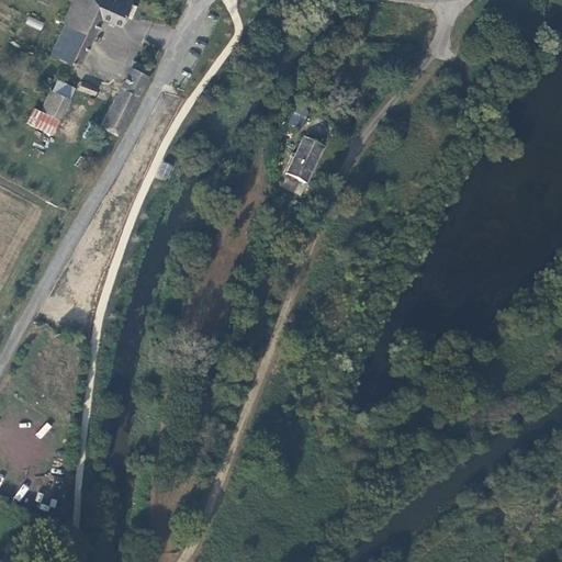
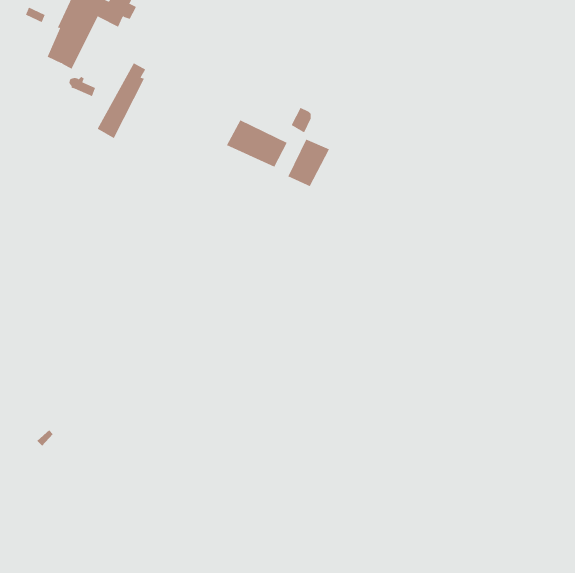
building: [26,79,75,133] -> none
building: none -> [226,120,288,168]

